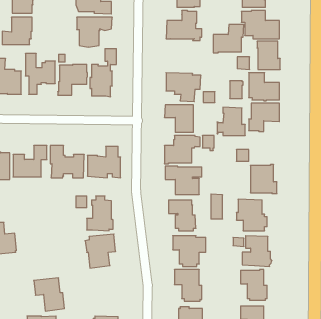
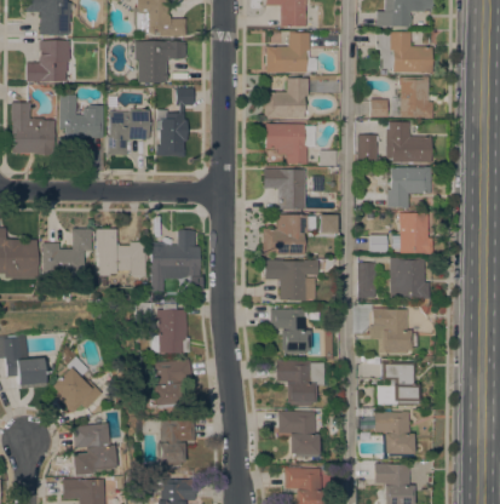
building: [213,25,244,53] -> [265,78,310,119]
building: [217,107,245,135] -> [391,212,432,253]
building: [211,194,223,219] -> [358,262,375,298]
building: none -> [52,345,104,413]
building: none -> [155,420,195,465]

